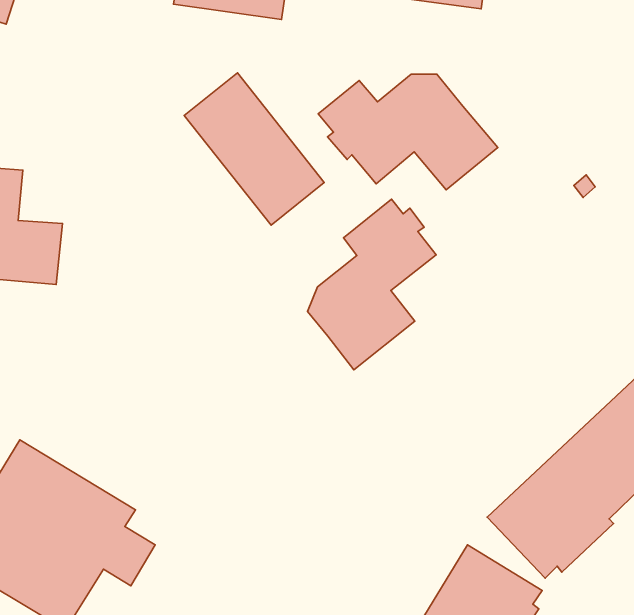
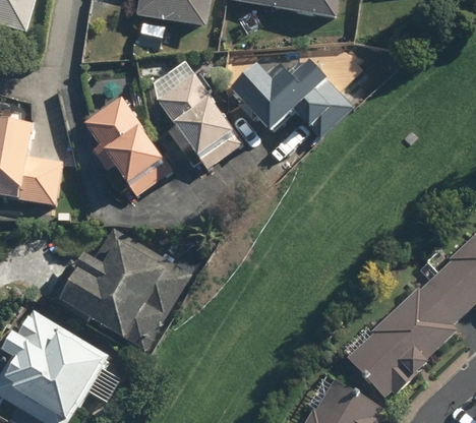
building: none -> [81,94,169,189]
building: [307,199,436,370] -> none
building: none -> [50,228,193,351]

